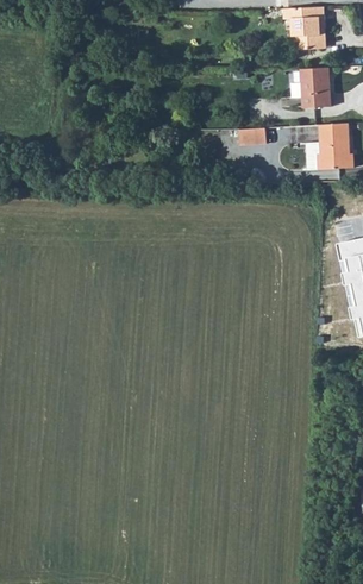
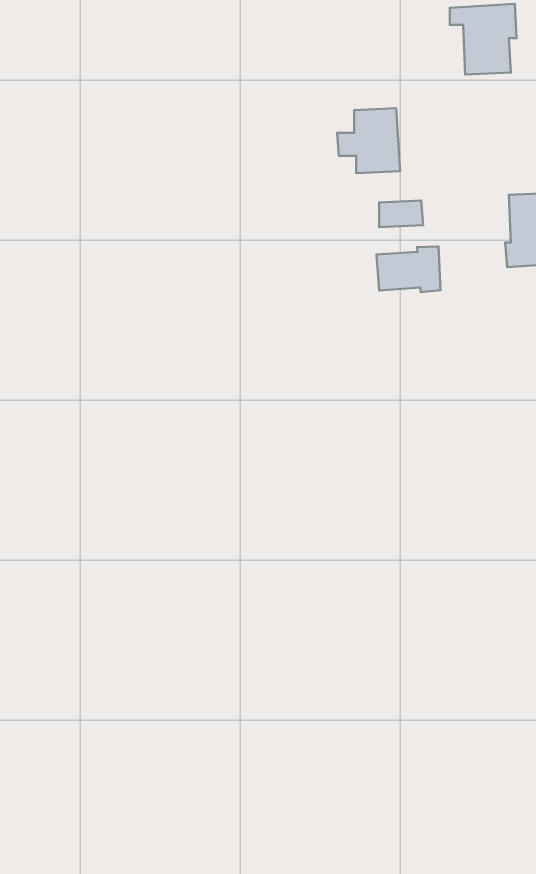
building: [292,67,331,107] -> [337,108,400,173]
building: none -> [376,246,441,292]

